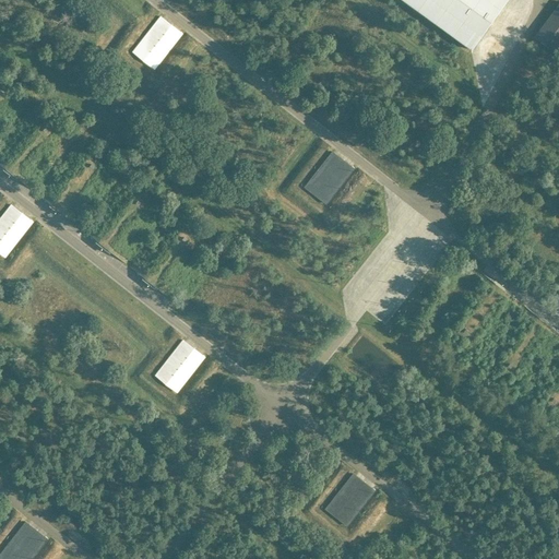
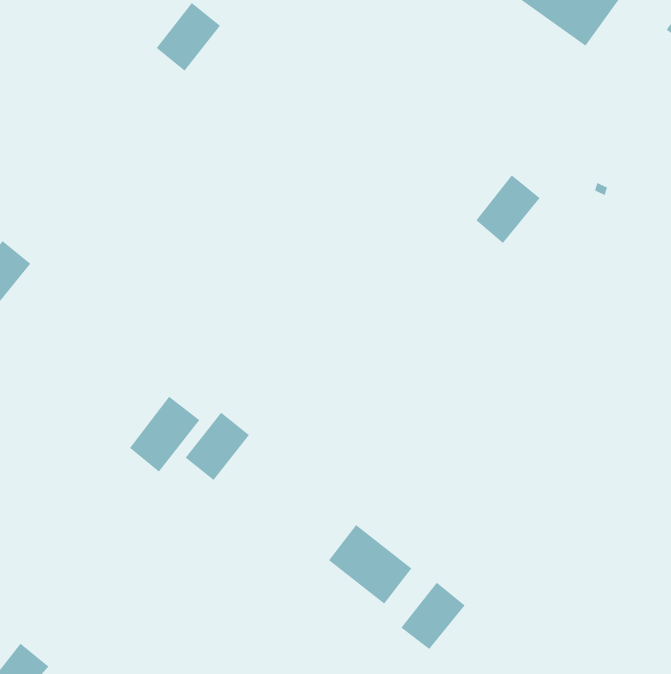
building: [304,151,355,205] -> [476,175,541,244]
building: none -> [129,396,200,472]
building: none -> [328,524,412,605]

